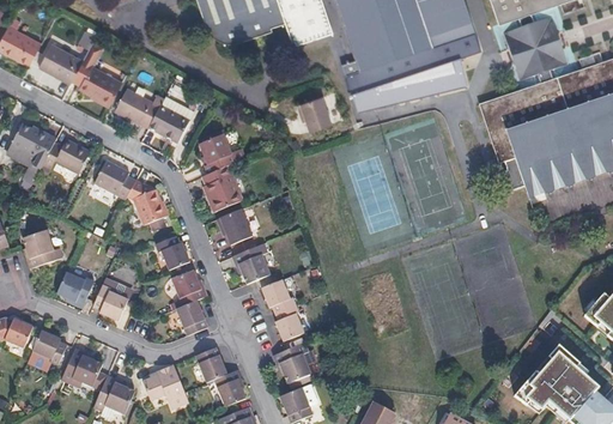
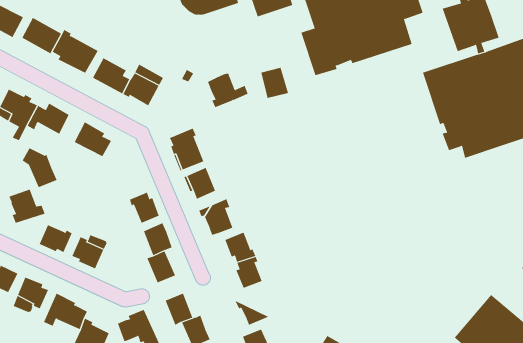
building: [198,135,243,174] -> [207,73,248,108]
building: [127,182,166,226] -> [22,148,58,188]
building: [273,343,311,374] -> none

